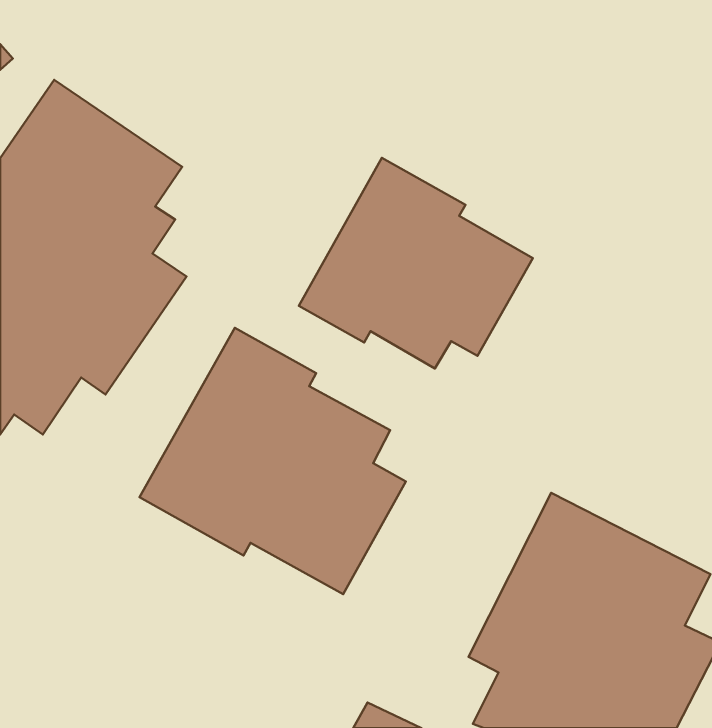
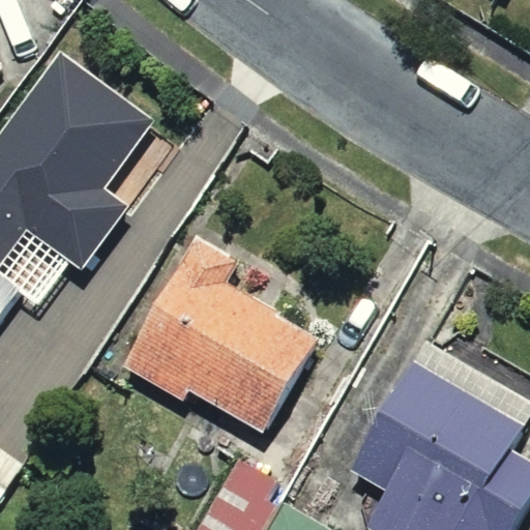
building: [299,158,533,369] -> none

